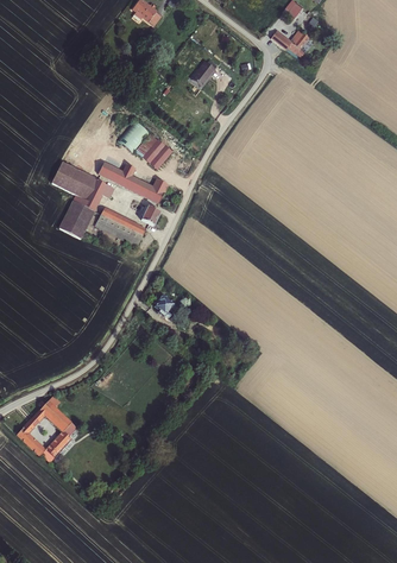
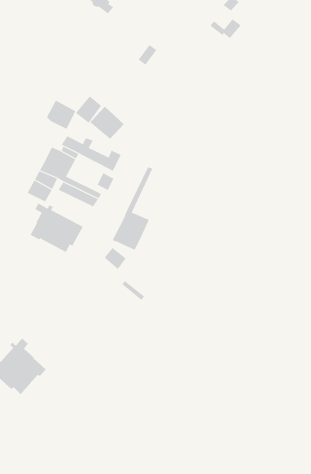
building: [53,163,88,197] -> [46,100,76,130]
building: none -> [112,166,153,251]
building: none -> [30,203,83,253]

